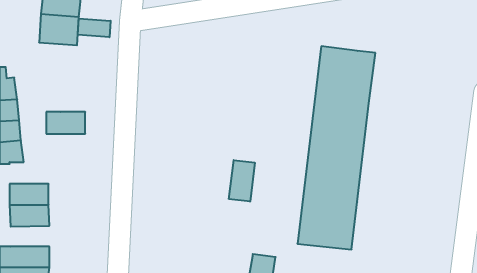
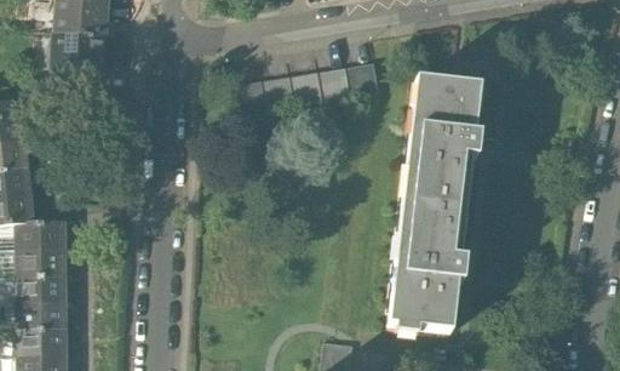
building: [78,18,111,37] -> none
building: none -> [226,61,381,112]
building: [46,112,85,134] -> [17,221,67,249]
building: [229,160,255,202] -> none
building: none -> [18,302,68,329]

